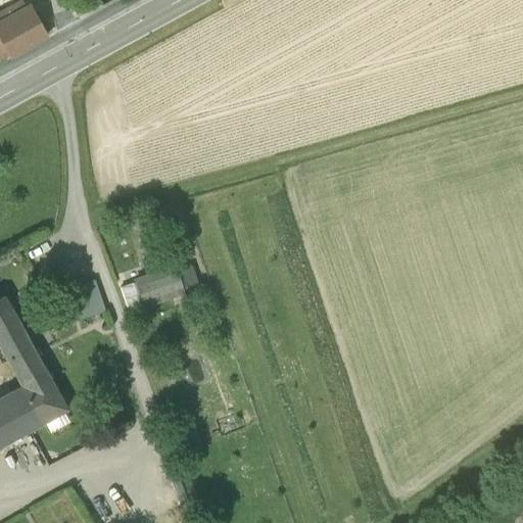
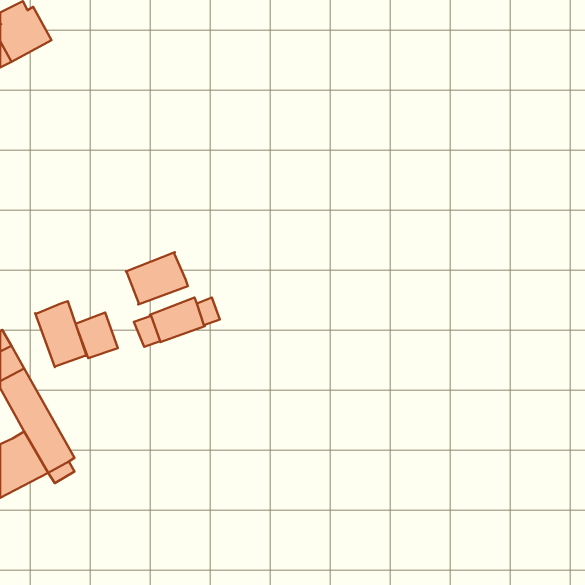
building: none -> [126,252,188,304]
building: none -> [35,301,87,367]

